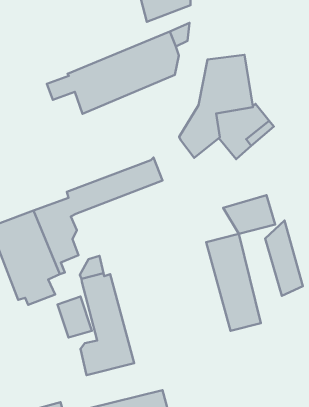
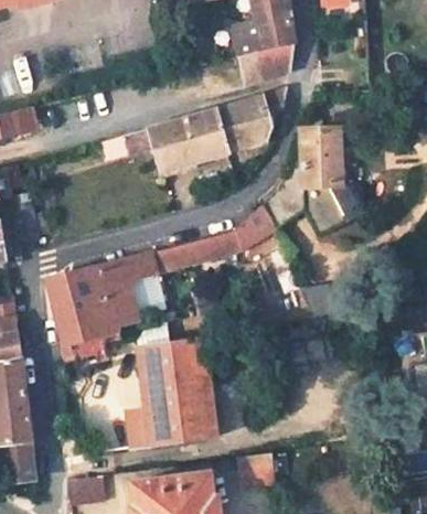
building: none -> [231,207,274,251]
building: [265,221,303,296] -> none
building: [206,234,261,331] -> [170,340,217,441]
building: none -> [238,452,276,484]

